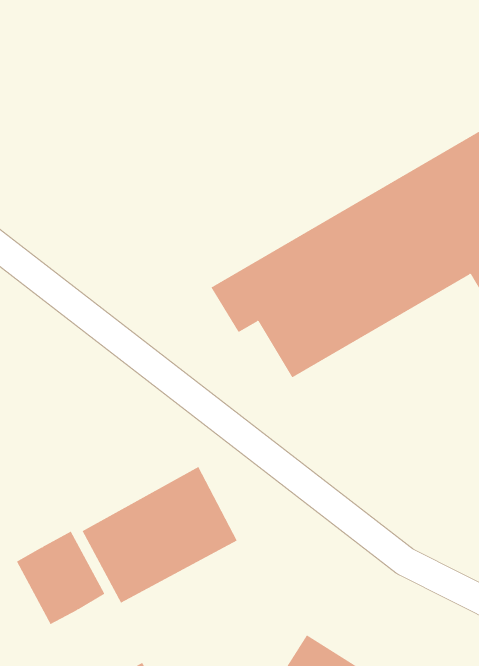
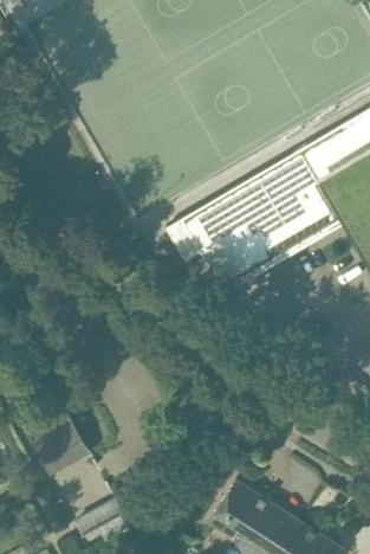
building: [82,466,237,603] -> none

